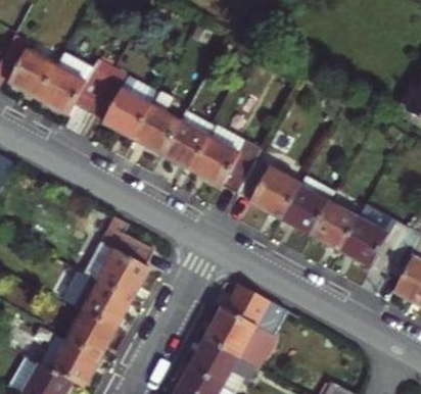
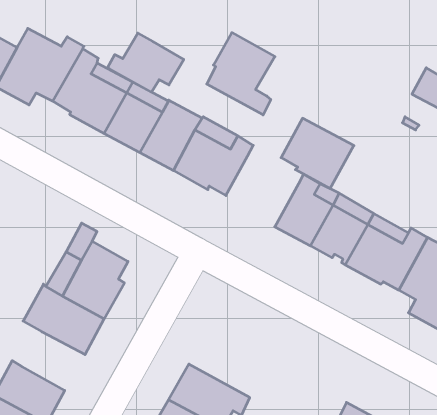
building: none -> [207,33,275,115]
building: none -> [108,33,184,92]
building: [238,159,300,219] -> [281,118,354,189]
building: [206,286,288,365] -> none
building: [63,309,118,359] -> none

